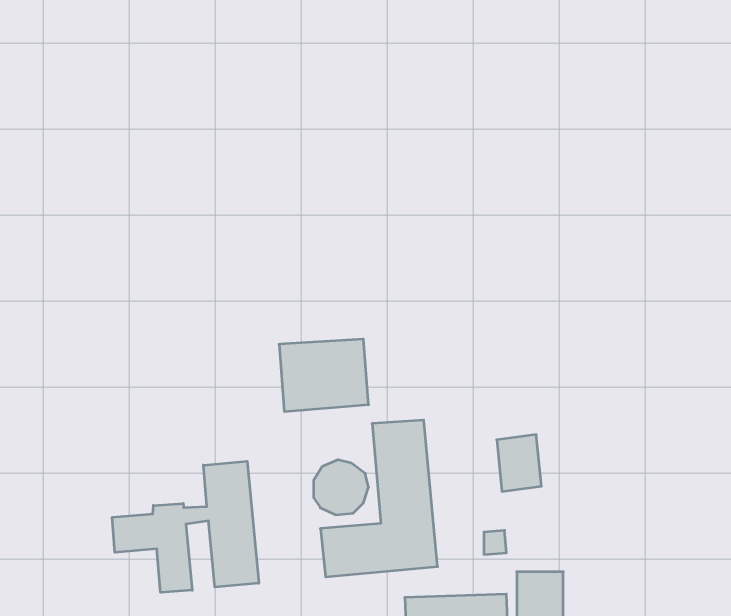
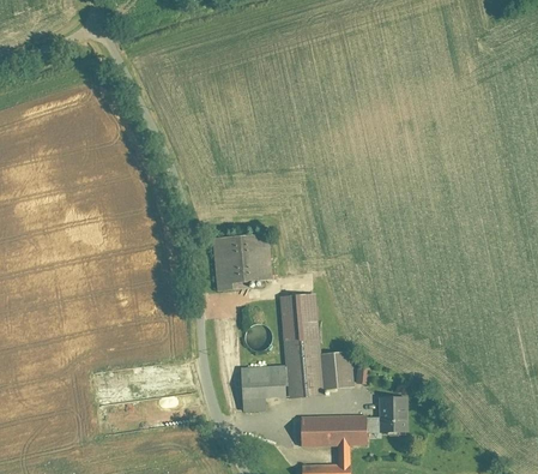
building: [497,435,541,491] -> [321,353,352,392]
building: [112,461,259,592] -> none

